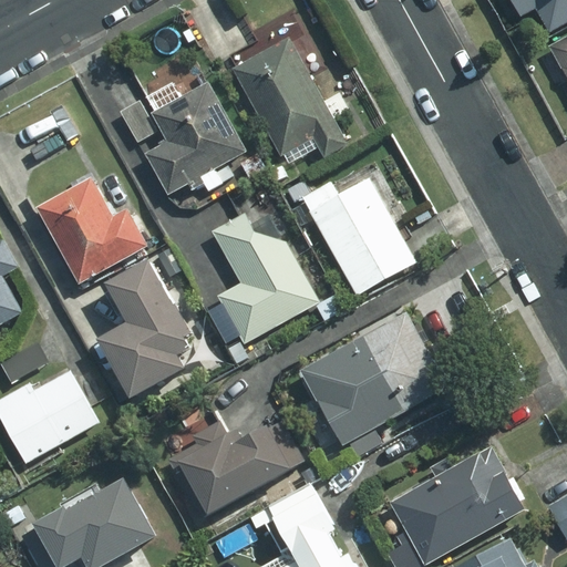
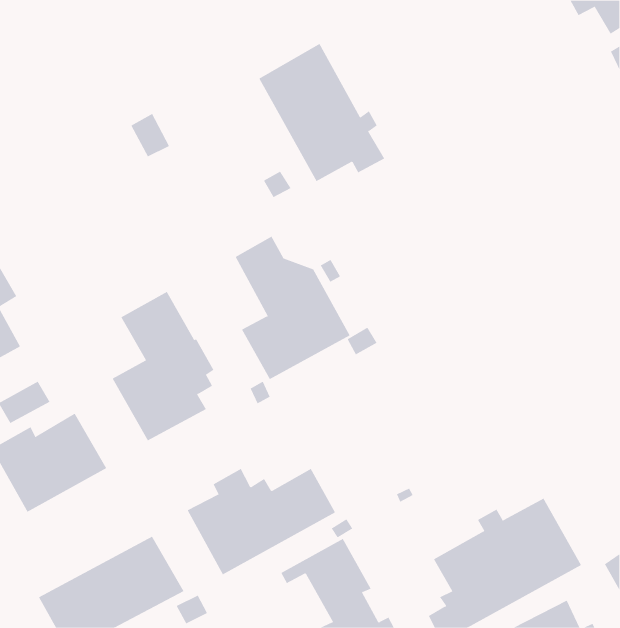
building: [143,83,245,194] -> none
building: [301,175,413,291] -> none
building: [37,179,145,284] -> none
building: [301,315,446,444] -> none

